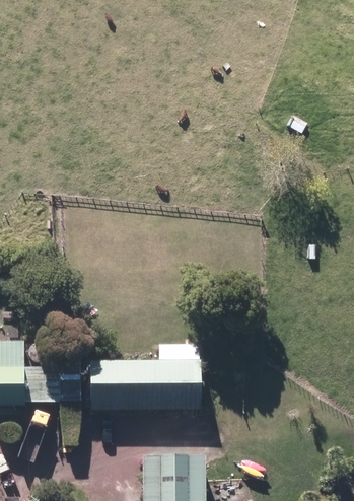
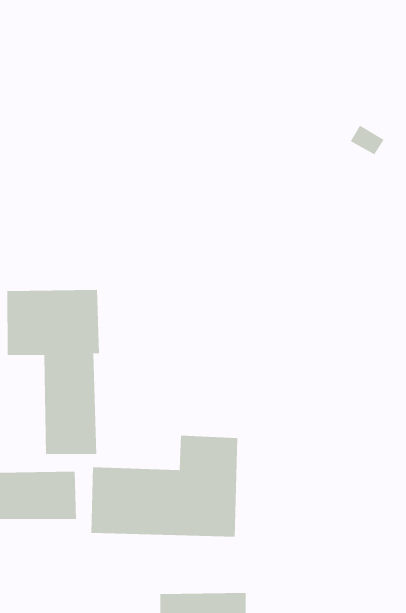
building: none -> [7,289,100,455]

